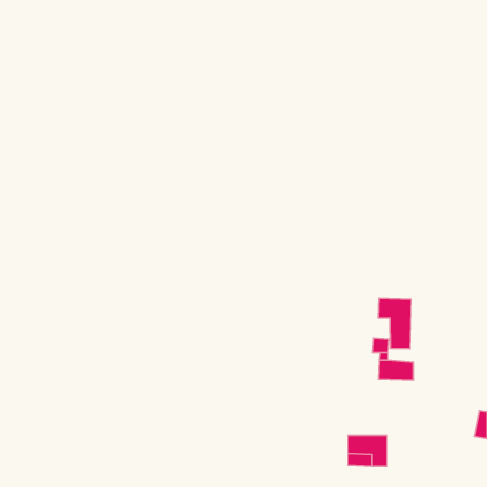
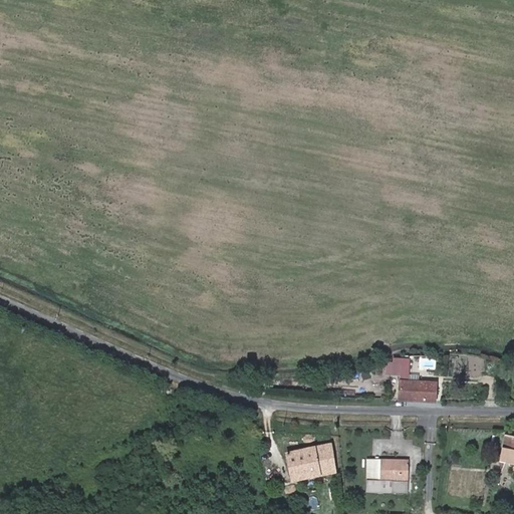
building: [378,298,411,349] -> none
building: none -> [287,443,336,480]

